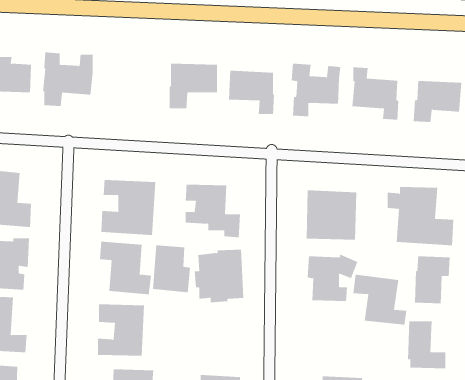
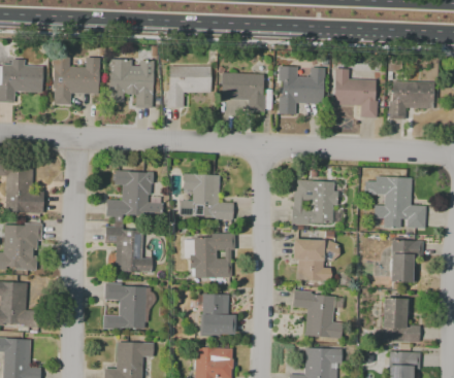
building: none -> [108,59,155,107]
building: [152,245,191,293] -> [201,294,236,337]
building: [353,274,407,325] -> [293,289,343,336]

